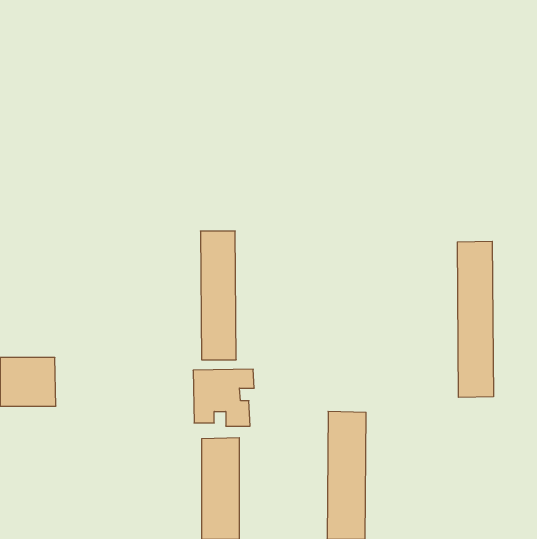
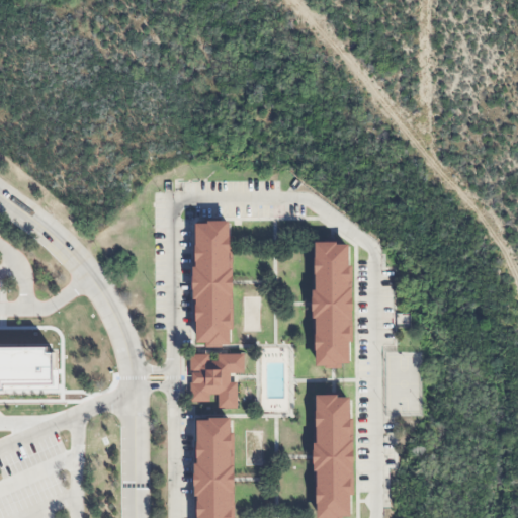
building: [457,241,493,397] -> none
building: none -> [316,241,352,368]

